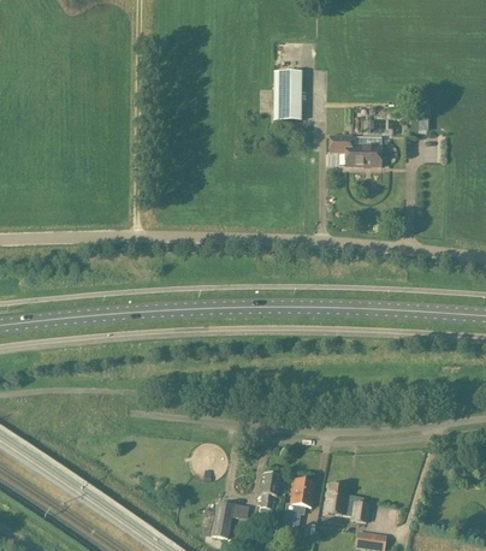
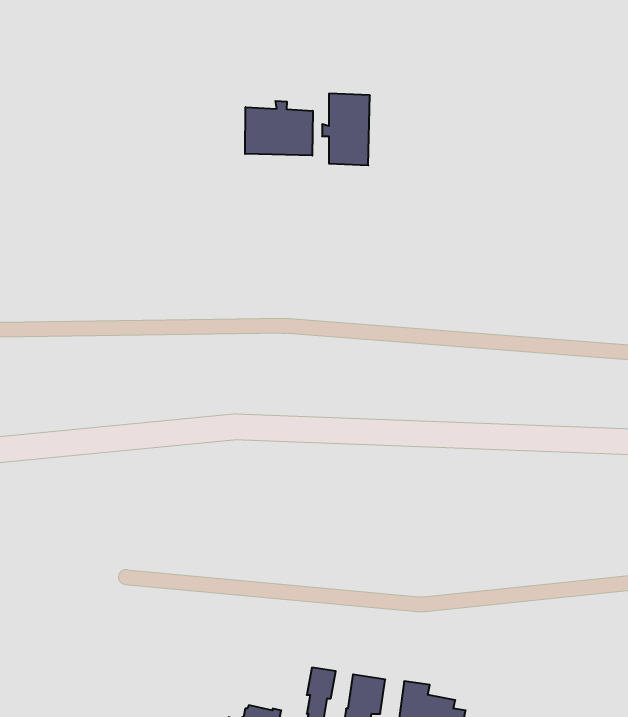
building: none -> [245,101,313,156]
building: [331,136,386,166] -> none

